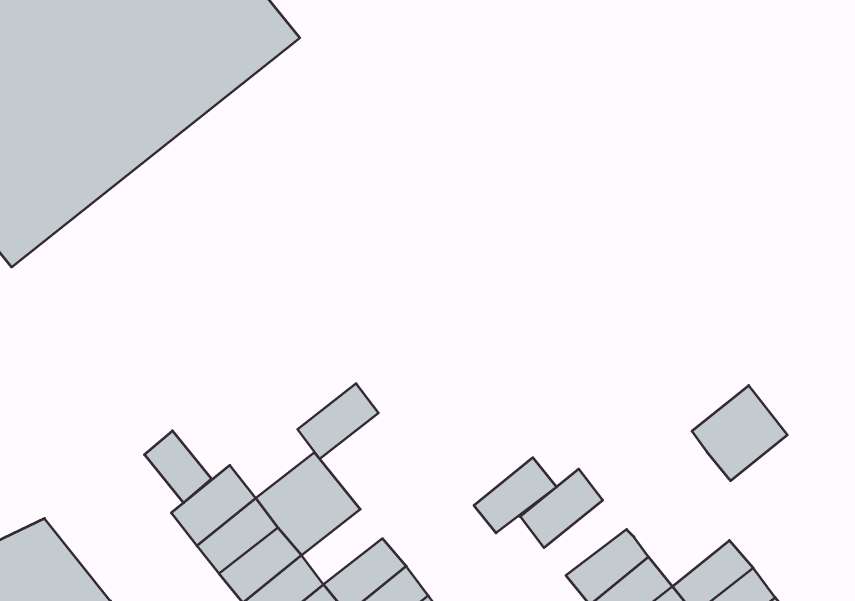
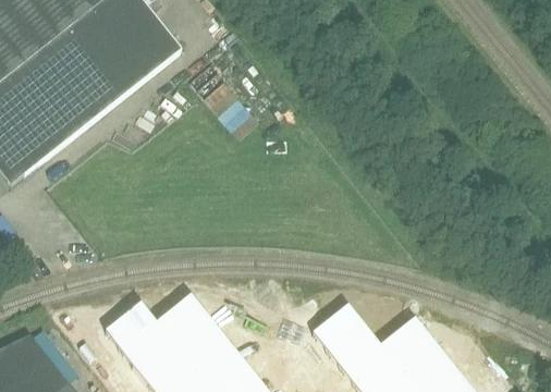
building: [298,384,378,459] -> [183,328,231,372]
building: [692,385,787,481] -> [380,317,437,373]
building: [144,431,212,503] -> none
building: [474,458,557,533] -> [327,322,376,367]

